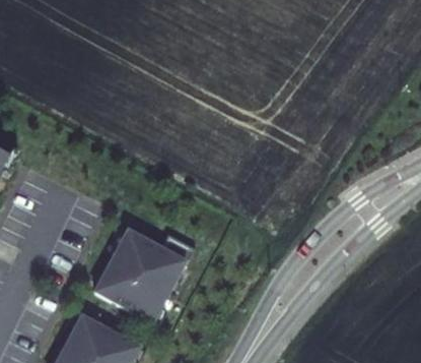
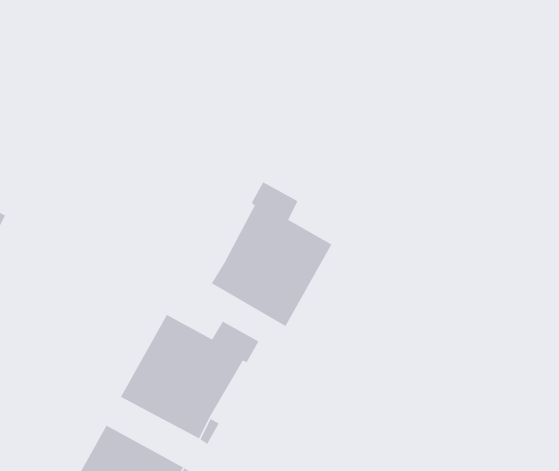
building: none -> [211,181,332,327]

